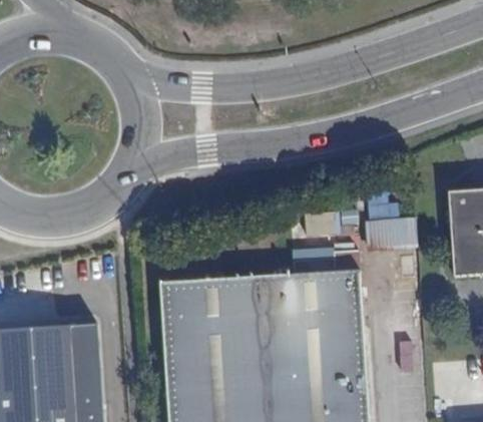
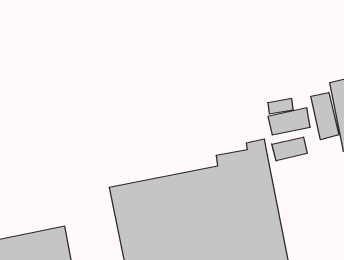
building: none -> [311,92,339,140]
building: none -> [272,137,307,161]

